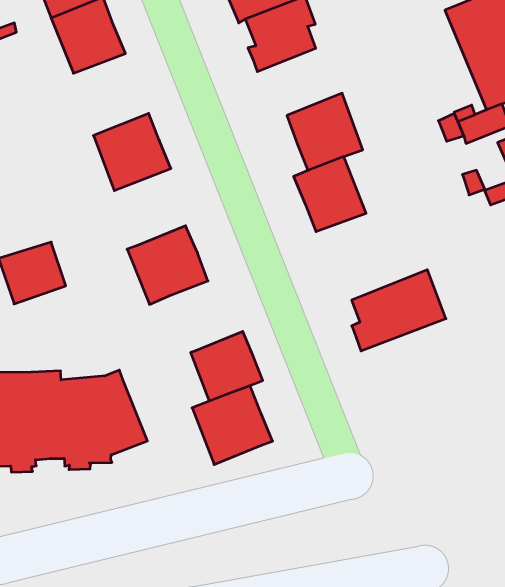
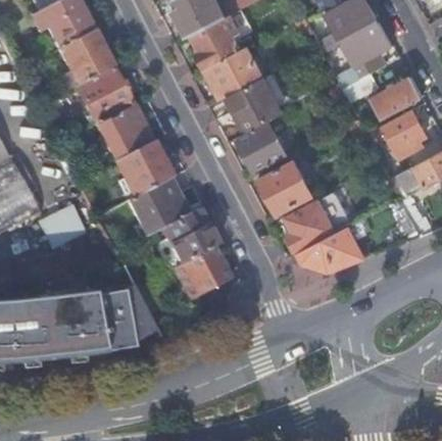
building: none -> [203,46,263,101]
building: none -> [76,67,133,126]
building: none -> [115,142,170,197]
building: none -> [258,160,313,214]
building: none -> [297,226,365,273]
building: [192,386,273,465] -> [162,208,219,264]

